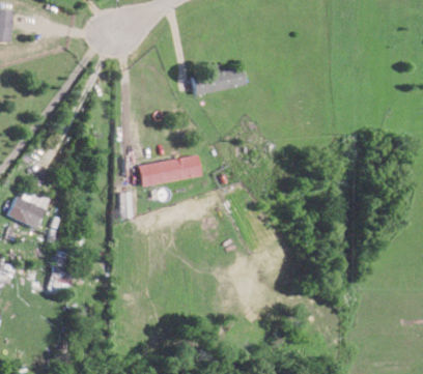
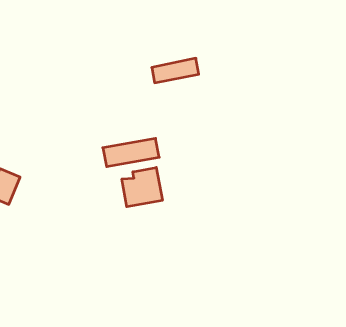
building: none -> [122,167,162,207]
building: [49,251,76,295] -> none

